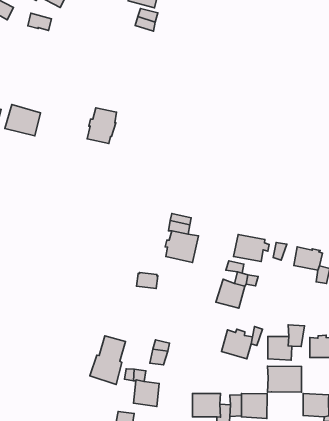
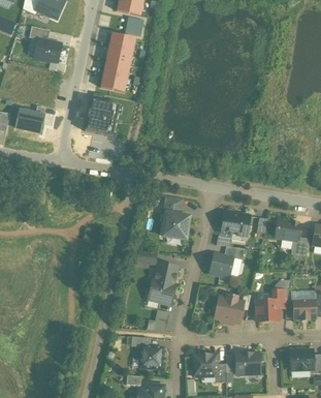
building: none -> [100,33,135,92]
building: none -> [34,38,61,62]
building: [90,336,125,384] -> [148,262,178,304]
building: [267,366,302,392] -> none

